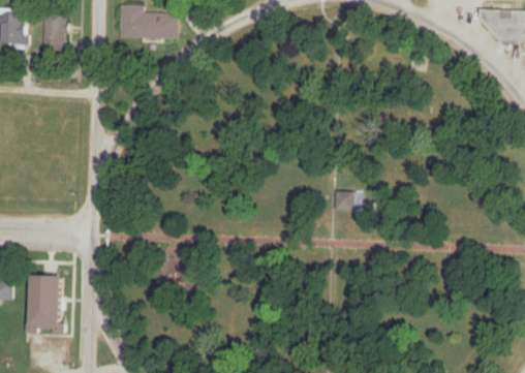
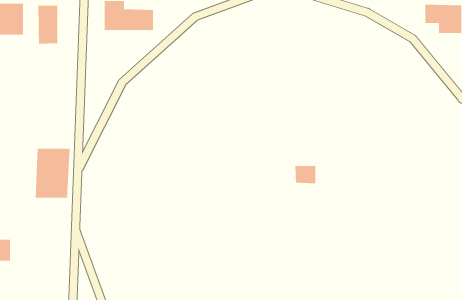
building: [26,275,66,332] -> [35,148,70,198]

